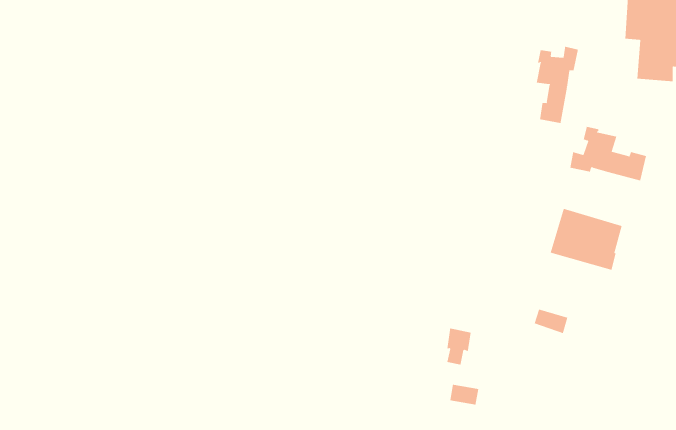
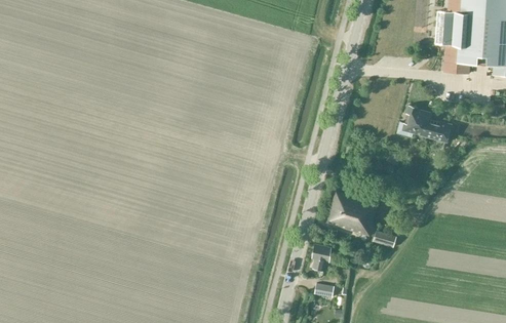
building: [536,46,579,124] -> none
building: [550,208,623,270] -> [326,191,377,234]

